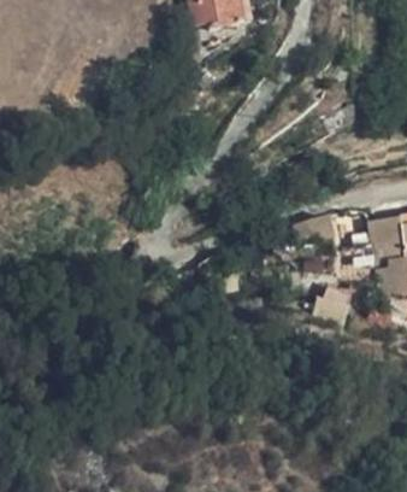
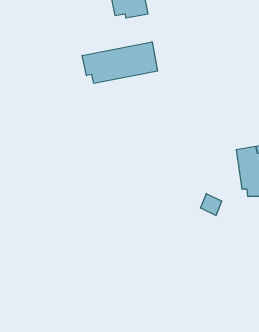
building: none -> [82,42,158,83]

